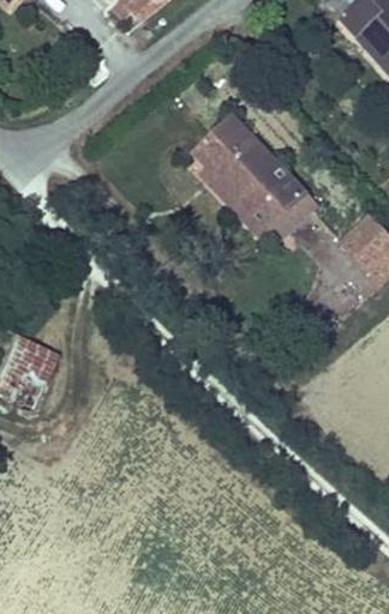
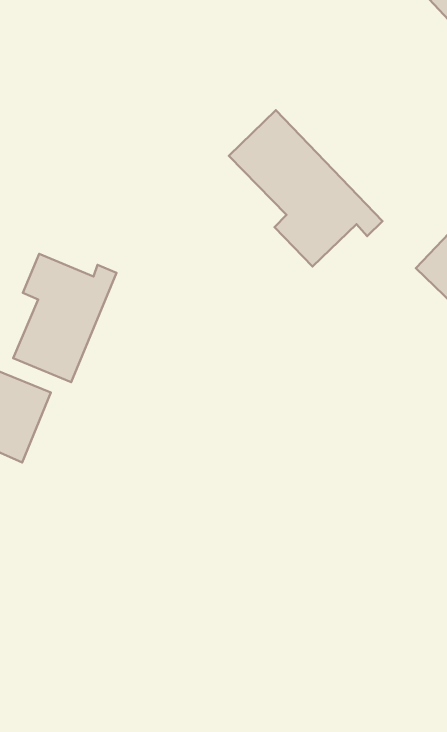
building: none -> [13,254,117,382]

